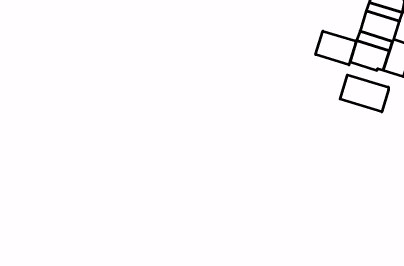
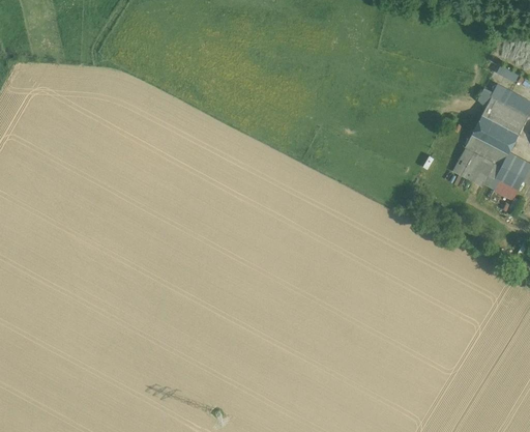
building: [316,31,356,65] -> none
building: [340,75,388,112] -> none

